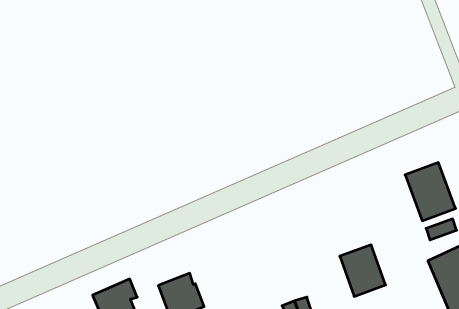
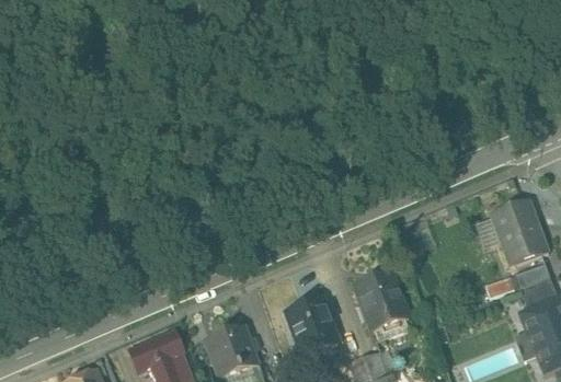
building: [340,245,386,296] -> [356,271,409,331]
building: none -> [286,297,340,356]

